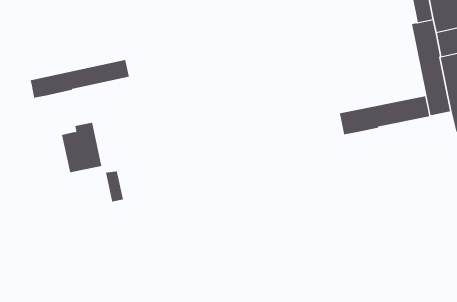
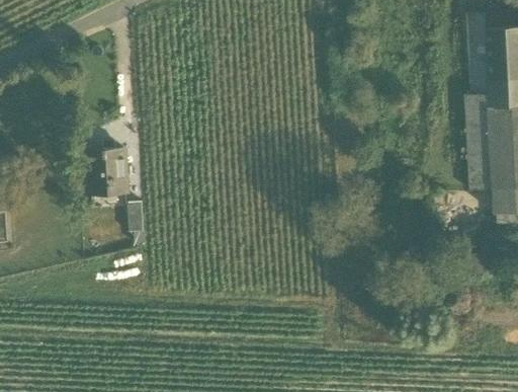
building: [30,59,129,99] -> none
building: [339,95,430,135] -> none

